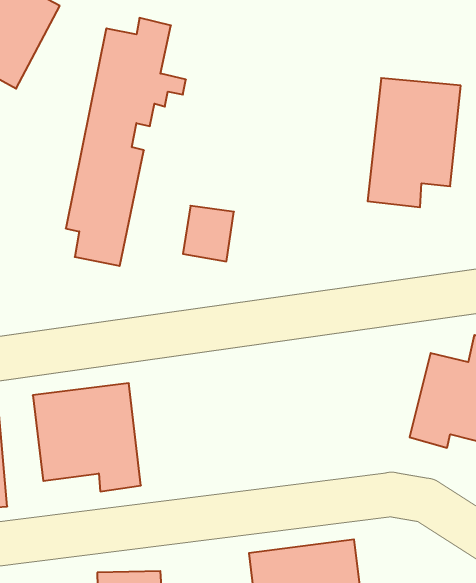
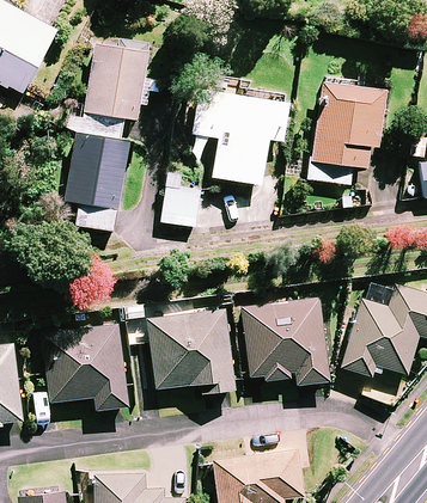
building: none -> [199,91,286,183]
building: none -> [242,300,328,385]
building: none -> [147,309,234,393]

